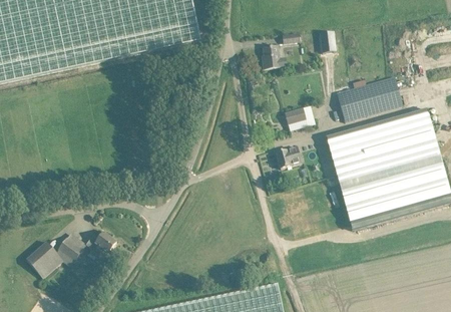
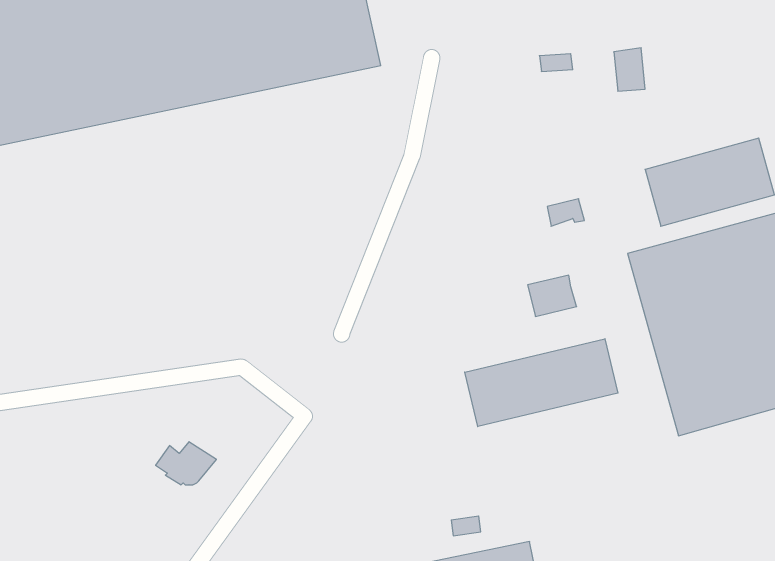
building: [263,47,287,70] -> none
building: none -> [465,339,618,427]
building: [27,239,83,280] -> none

